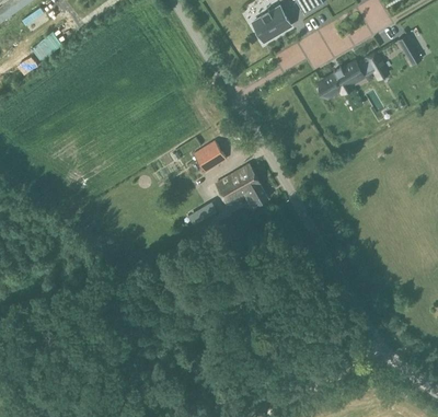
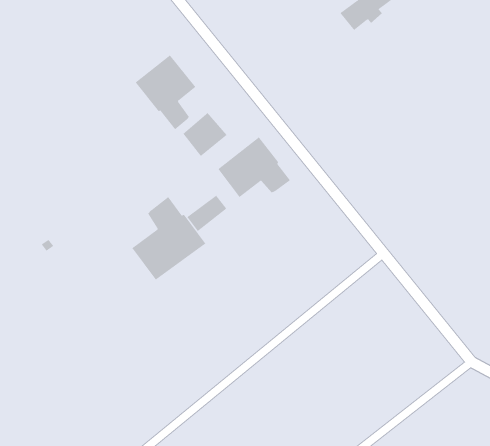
building: none -> [135,54,196,130]
building: none -> [132,196,206,280]

